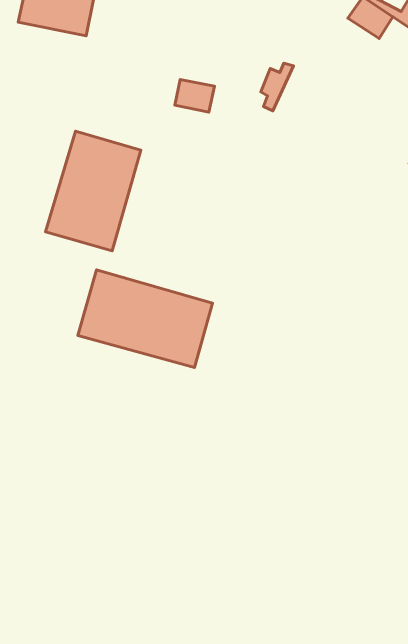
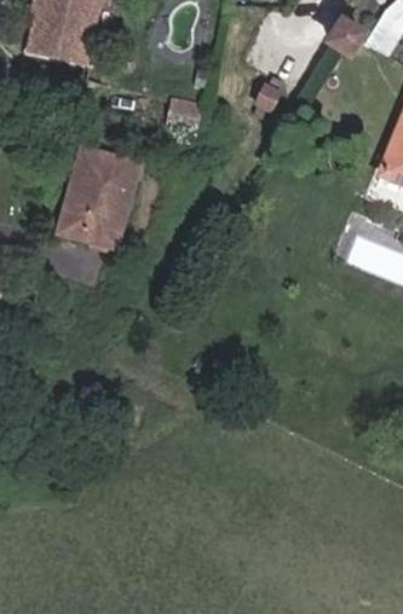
building: [78,270,212,368] -> none

